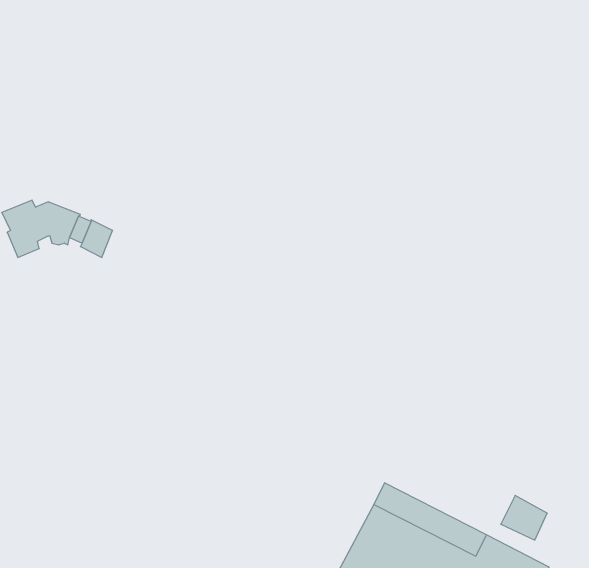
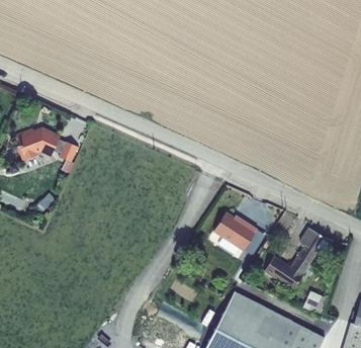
building: none -> [214,215,260,255]
building: none -> [262,227,334,289]

